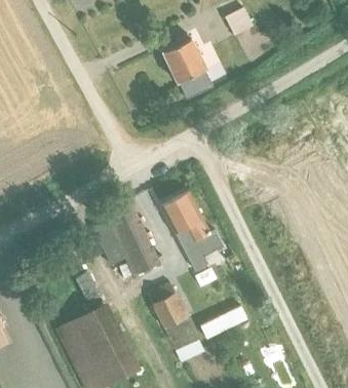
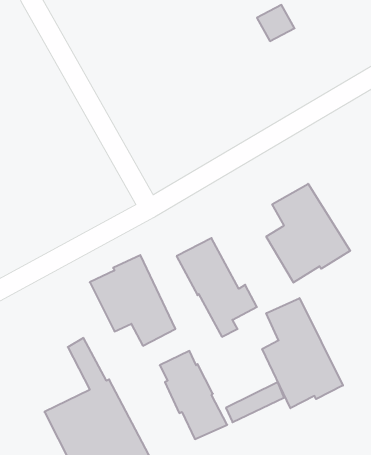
building: [162,34,212,100] -> none
building: none -> [266,184,350,283]
building: none -> [262,298,343,408]

